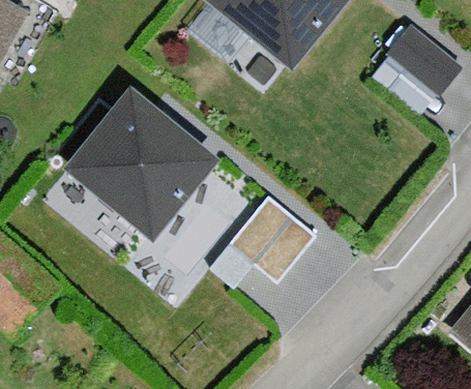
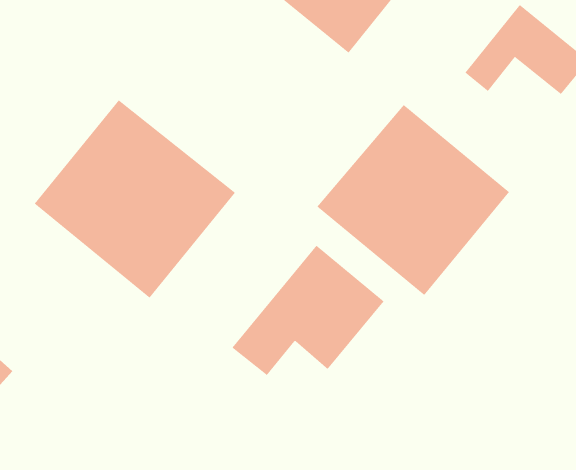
building: none -> [317,104,510,296]

